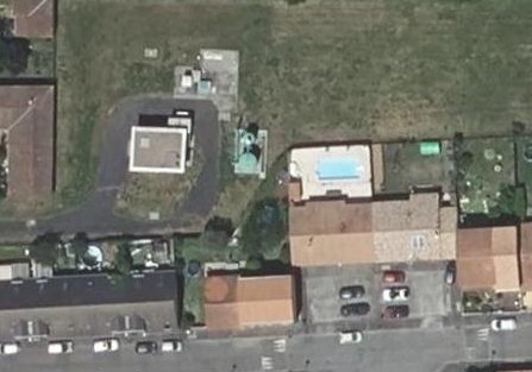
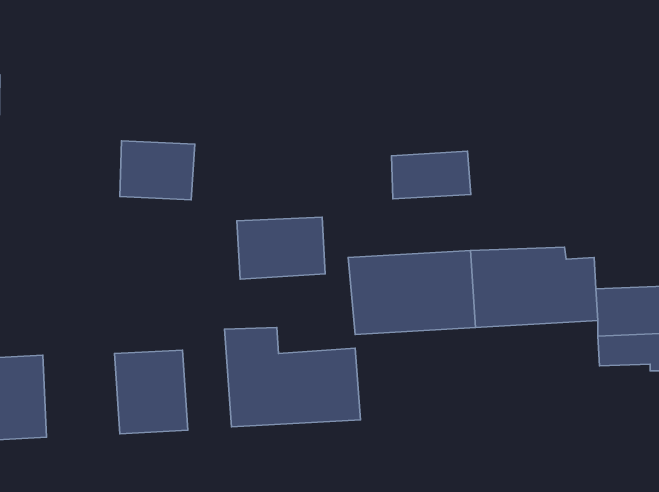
building: none -> [391,151,471,199]
building: none -> [237,217,325,279]
building: [80,276,132,333] -> none

